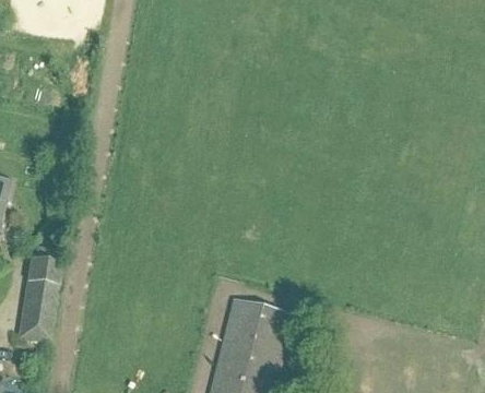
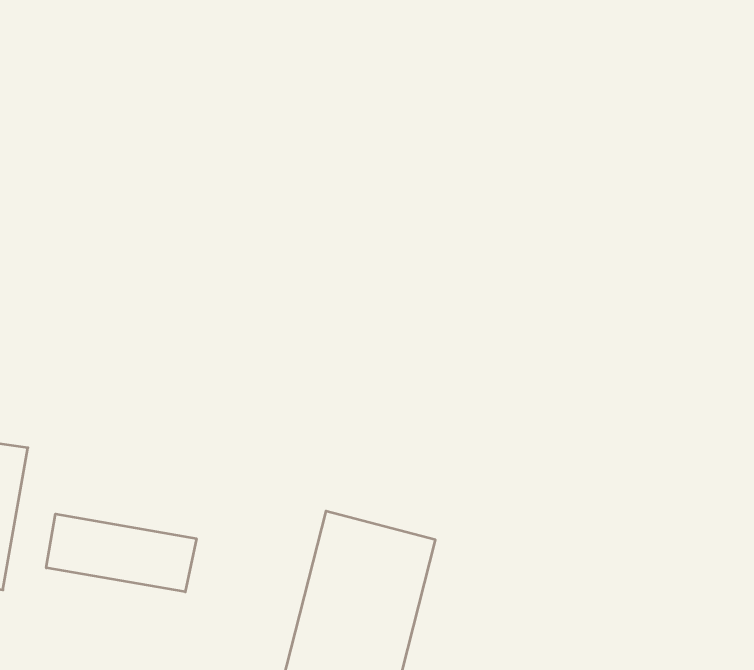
building: none -> [46,514,196,592]

